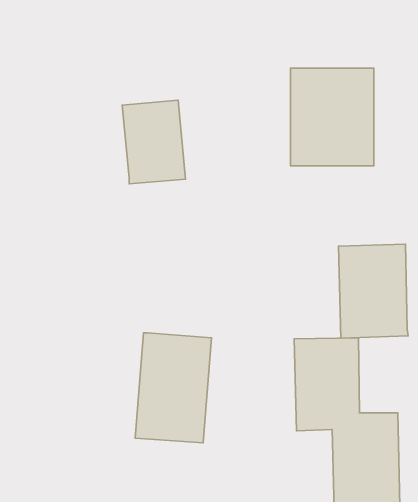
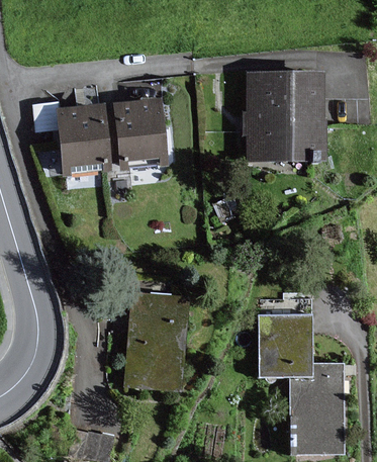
building: none -> [56,102,117,174]
building: [338,244,408,338] -> none

